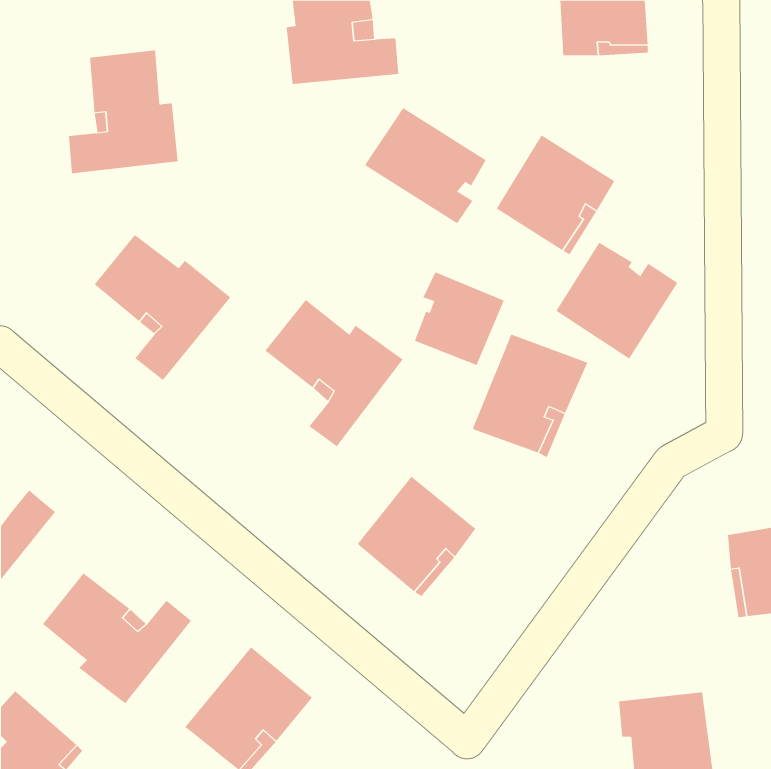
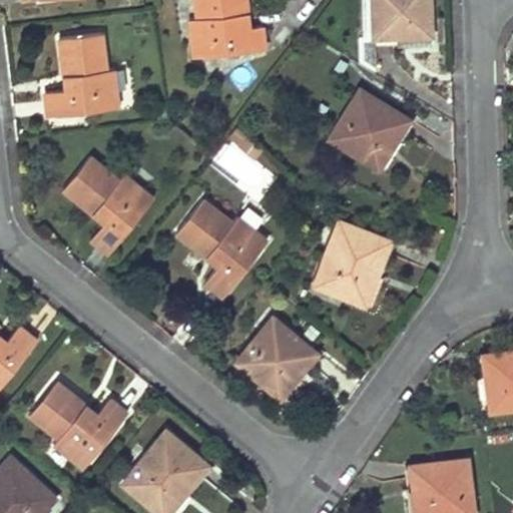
building: [364,107,487,224] -> none
building: [555,242,678,360] -> none
building: [414,272,505,366] -> none

